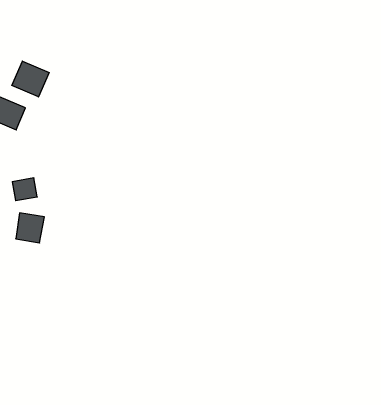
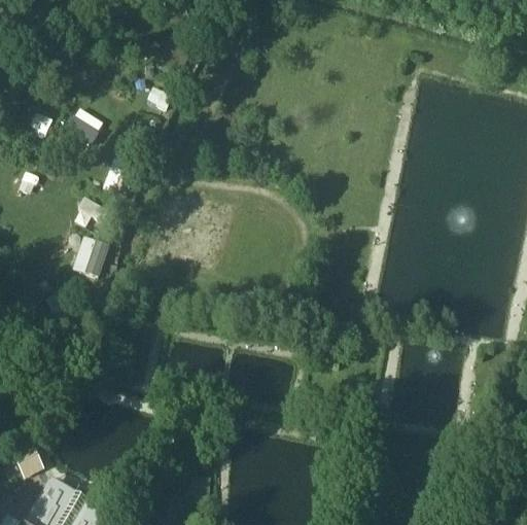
building: [12,61,49,97] -> none

